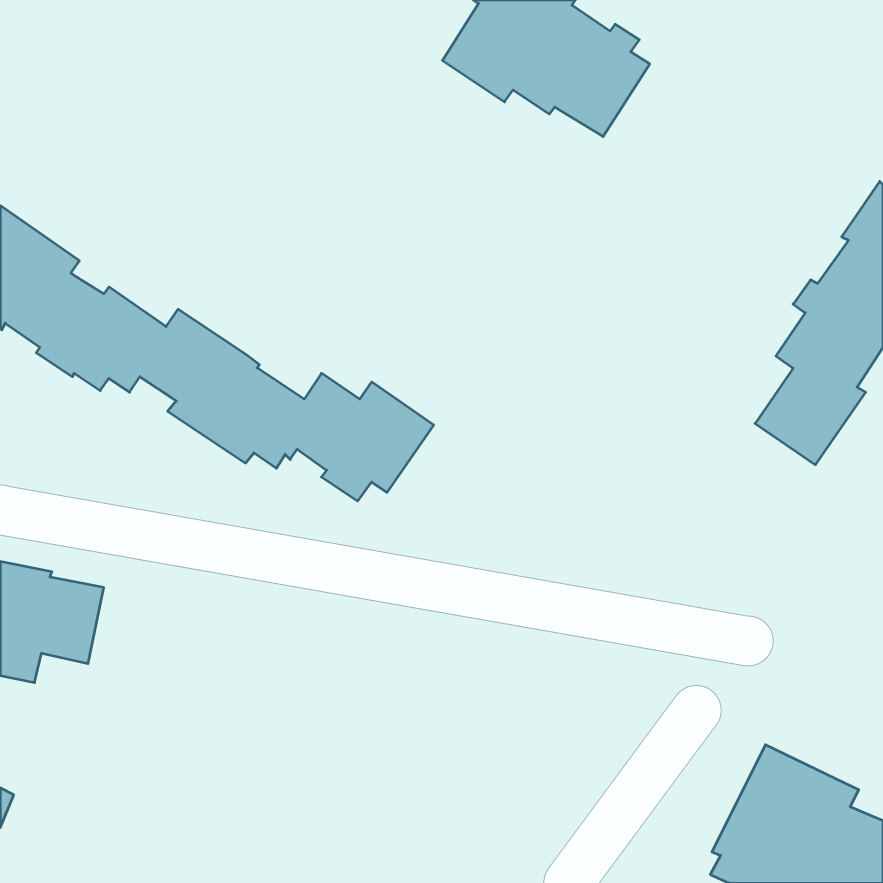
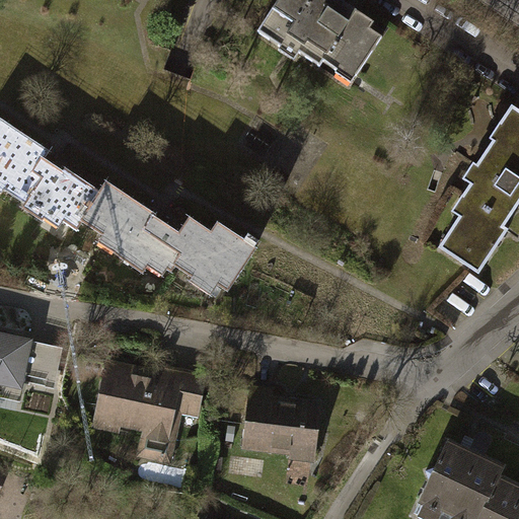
building: none -> [91,357,206,464]
building: none -> [241,383,320,461]

